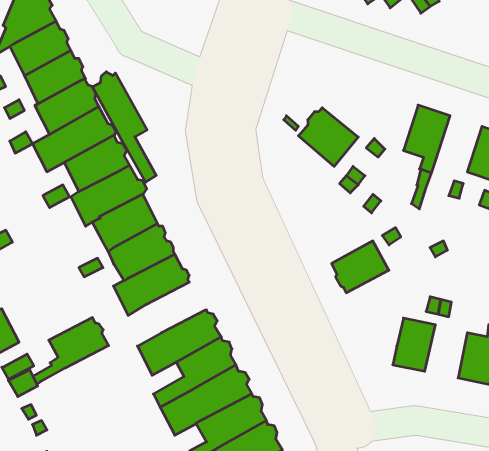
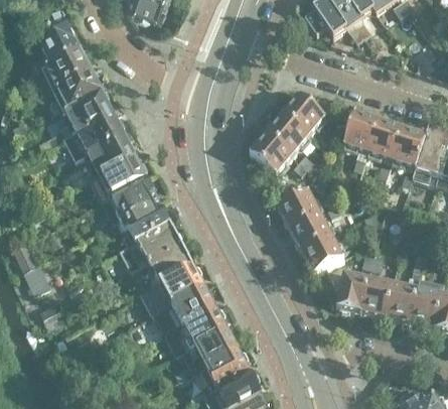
building: [92,72,156,182] -> none
building: none -> [282,94,324,134]
building: none -> [367,118,403,160]
building: none -> [249,133,291,174]
building: none -> [277,189,320,230]
building: none -> [300,235,344,274]
building: [33,318,109,384] -> [136,244,193,294]
building: none -> [359,276,392,316]

